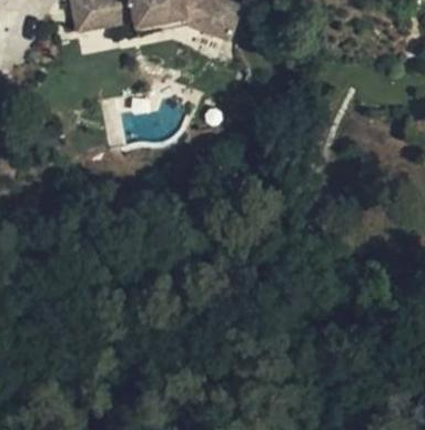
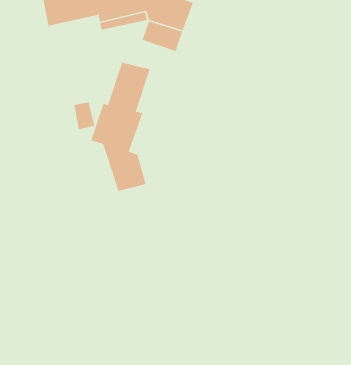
building: none -> [90,62,151,192]

